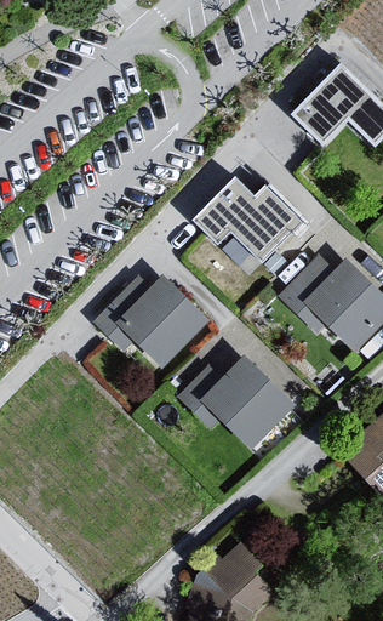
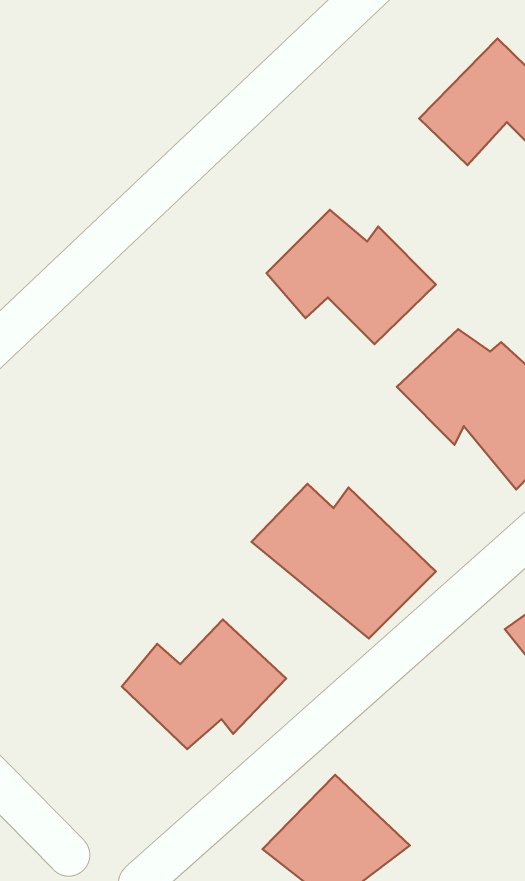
building: [112,277,206,369] -> none
building: none -> [122,620,286,749]

